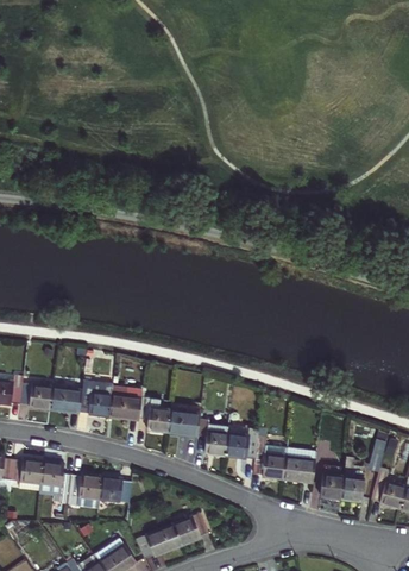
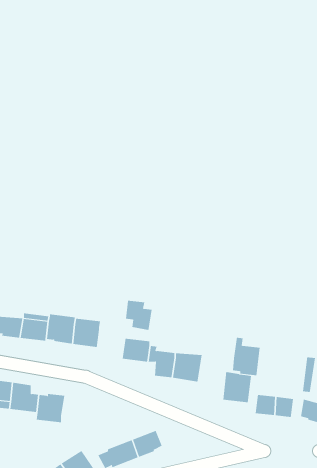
building: [139,399,170,433] -> [125,300,152,330]
building: [252,435,284,479] -> [232,337,260,376]
building: [99,475,133,502] -> none

